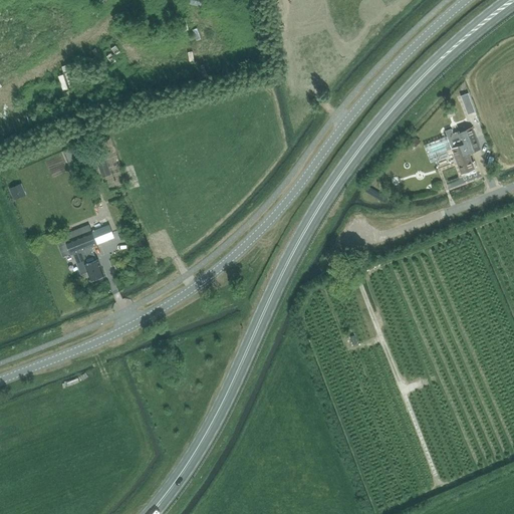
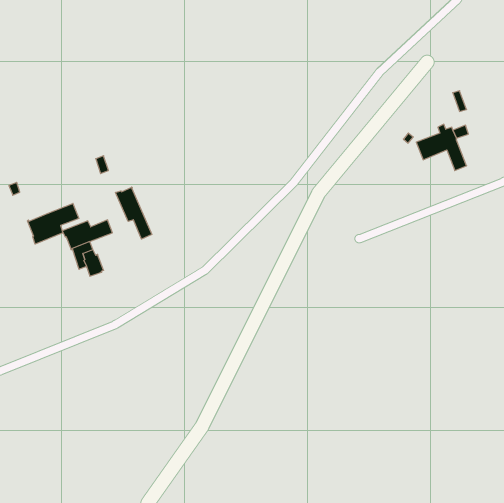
building: none -> [116,187,152,239]
building: none -> [28,203,79,244]

